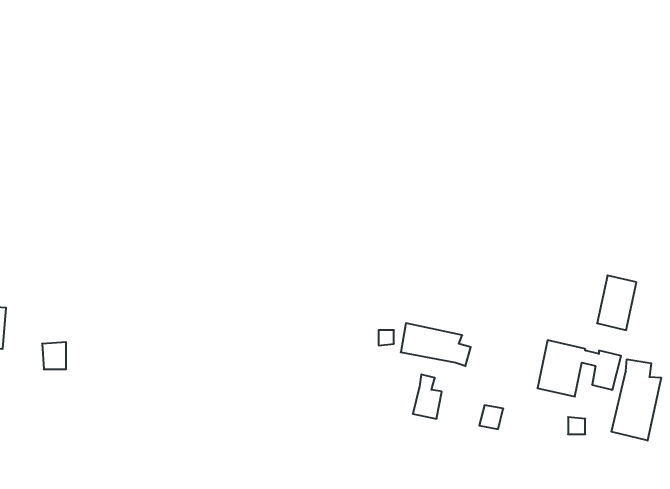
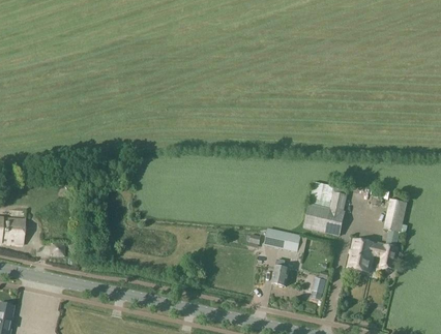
building: none -> [303,191,348,236]
building: [611,359,661,441] -> none

